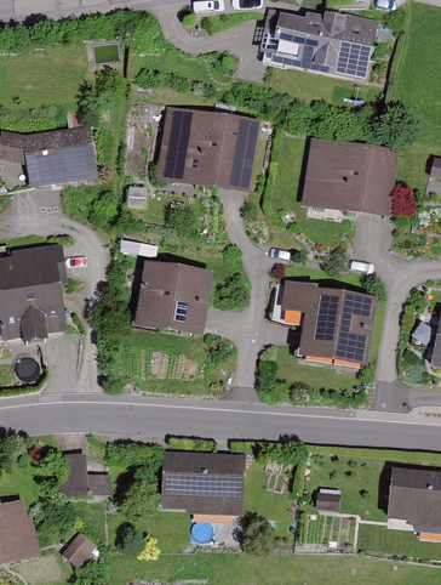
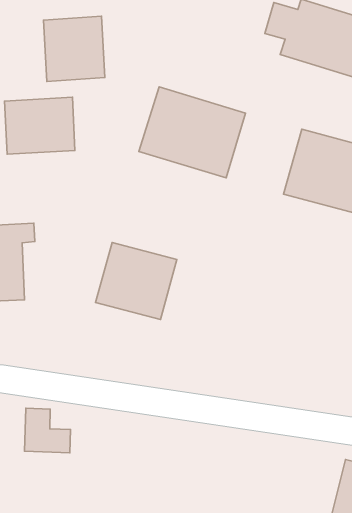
building: none -> [43,16,105,81]
building: [281,280,372,363] -> none
building: [161,448,240,507] -> none

